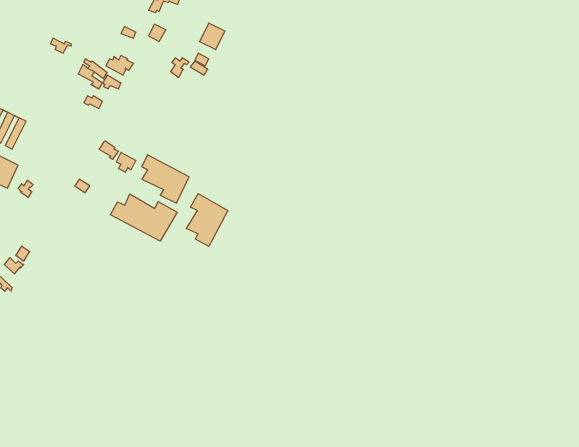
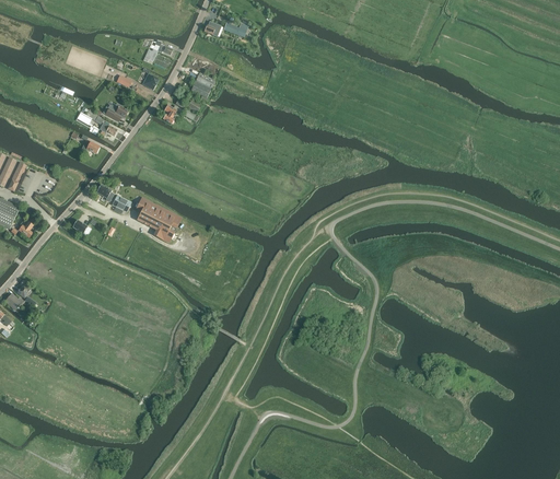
building: [186,194,228,246] -> none
building: [110,194,177,241] -> none

